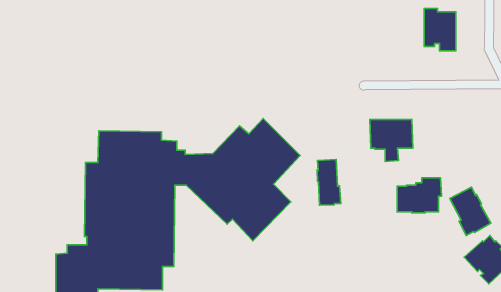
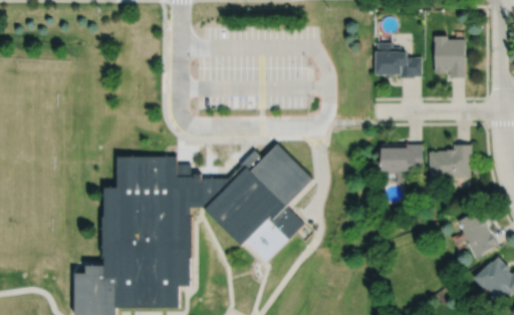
building: none -> [376,42,422,77]
building: [317,160,341,205] -> none
building: [397,178,441,213] -> [430,144,473,179]

